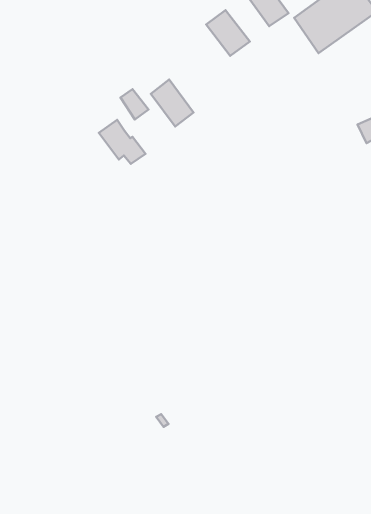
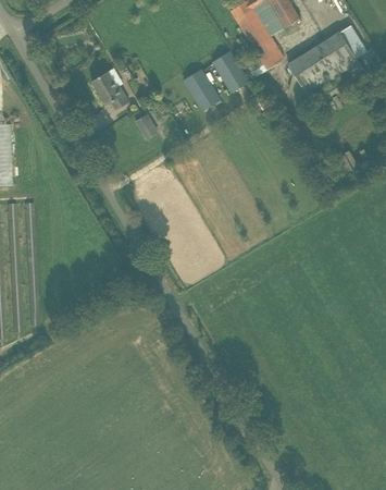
building: [151,80,193,127] -> [185,69,220,109]
building: [99,120,145,164] -> [91,70,129,108]

